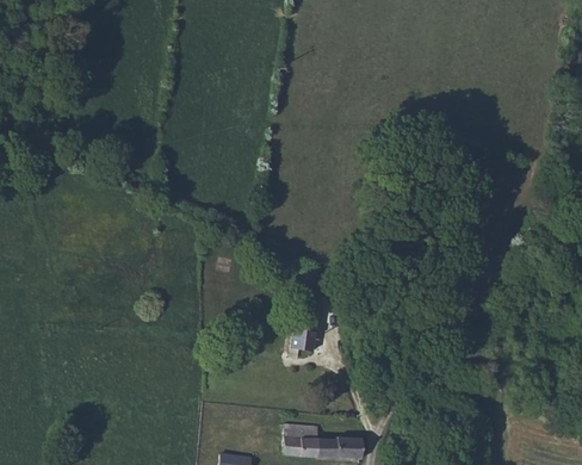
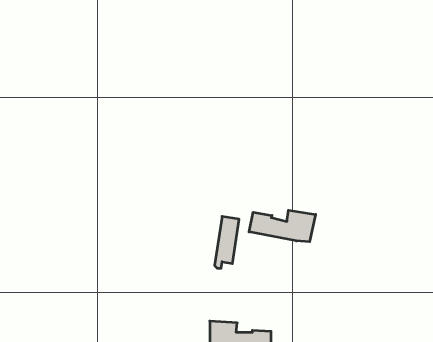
building: none -> [249,210,316,242]

